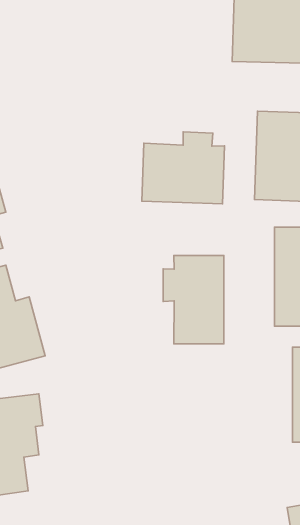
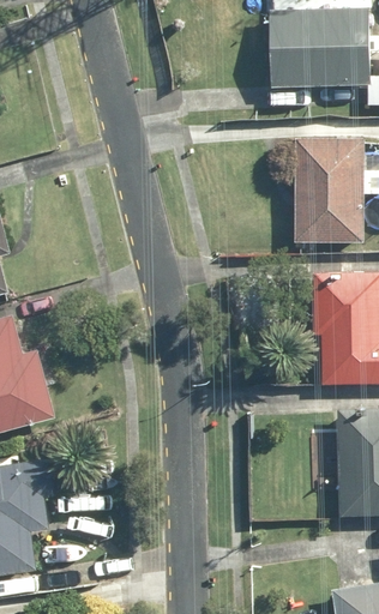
building: [142,132,224,204] -> none
building: [163,256,224,344] -> none

